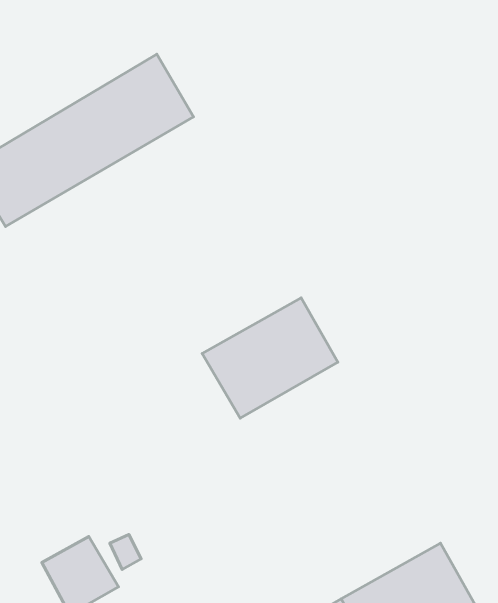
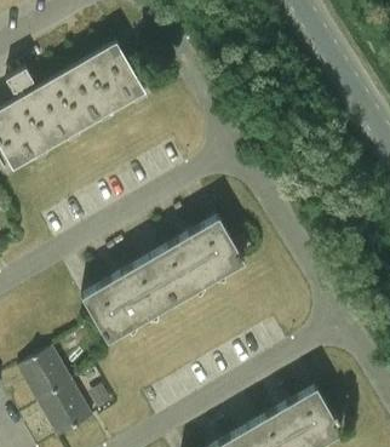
building: none -> [82,256,177,340]
building: none -> [18,348,71,401]

